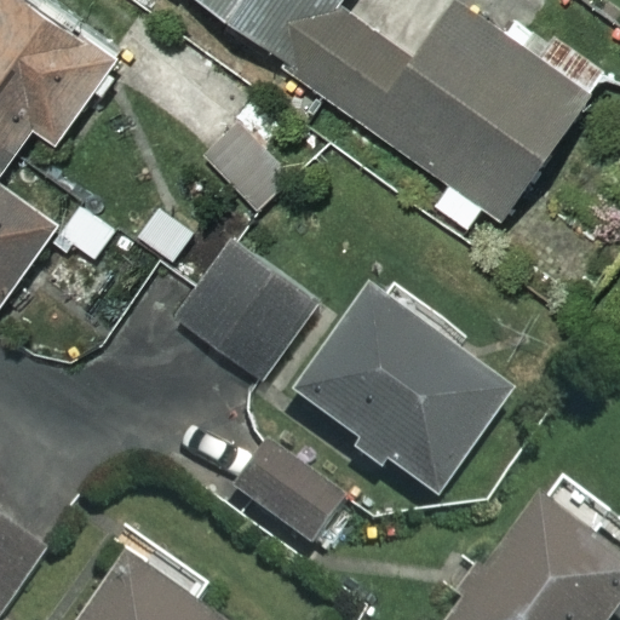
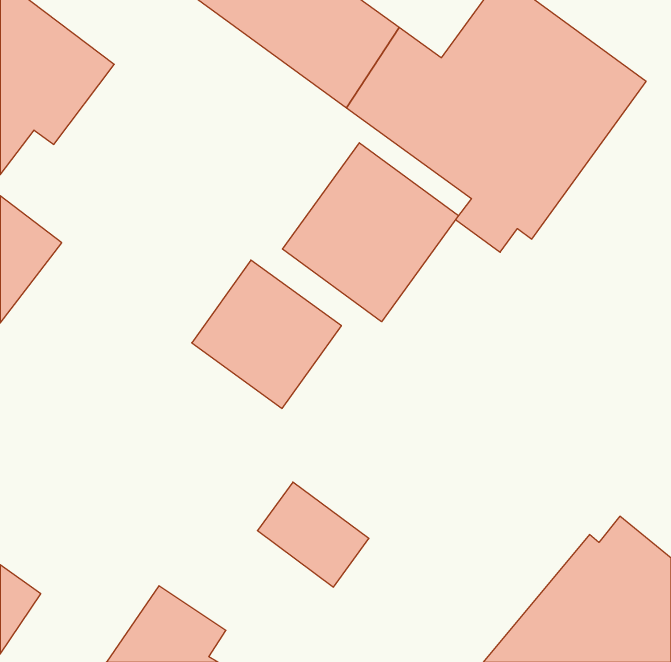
building: none -> [282,143,458,322]
building: [298,272,509,496] -> none

